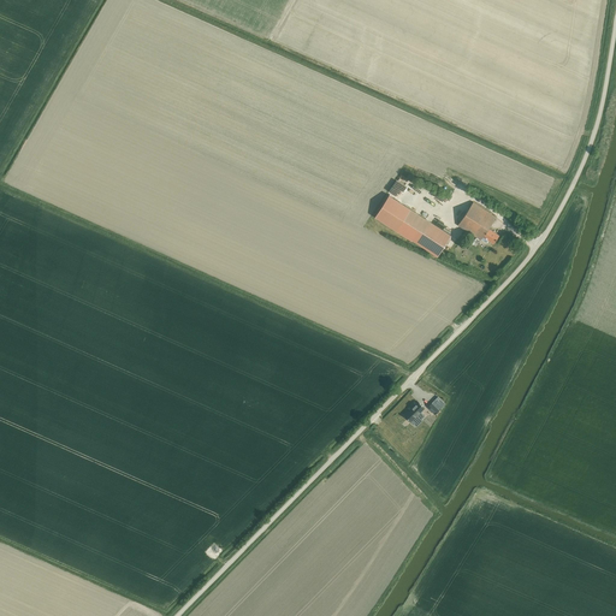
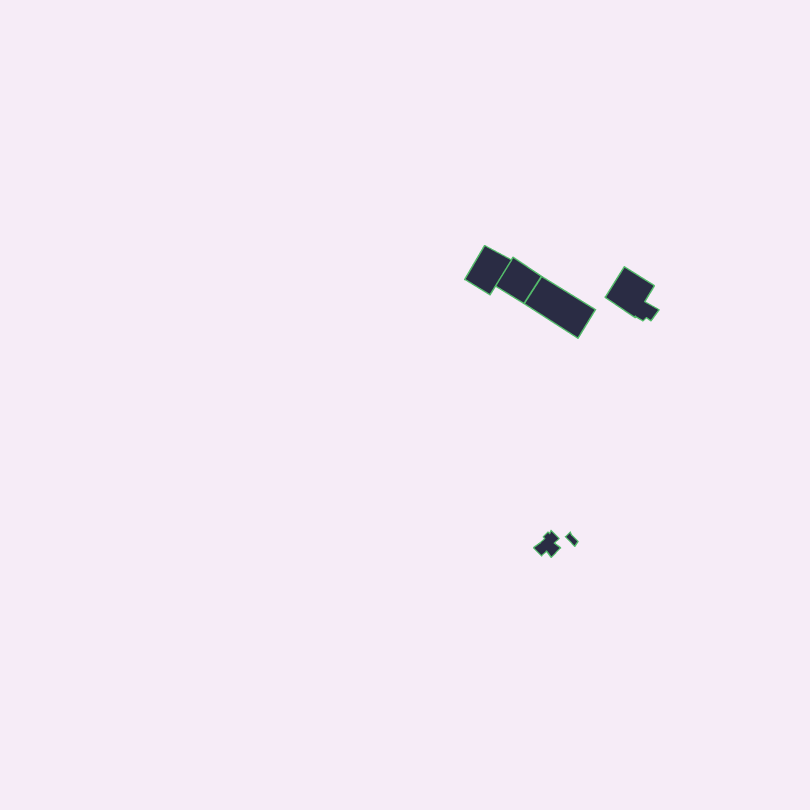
building: none -> [465,246,511,295]

